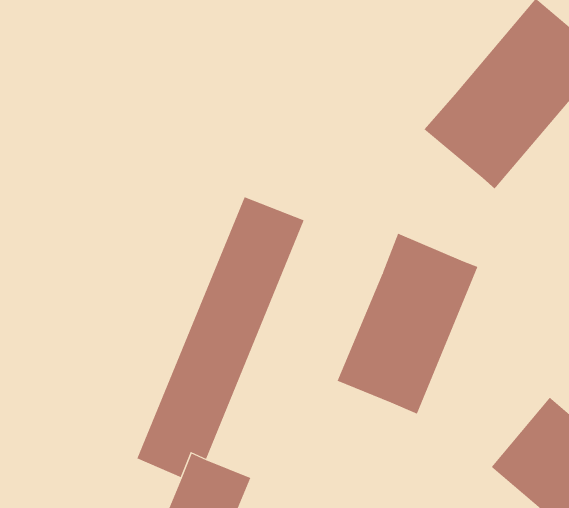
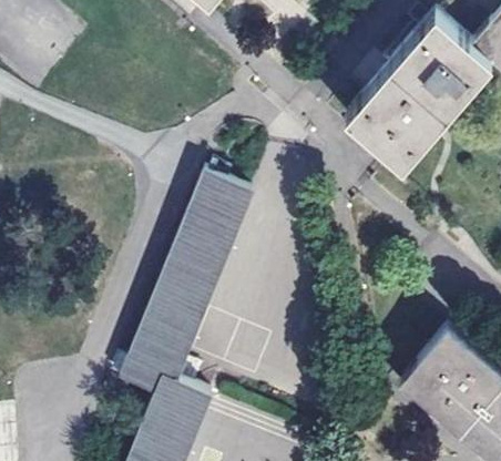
building: [337,233,478,415] -> none

